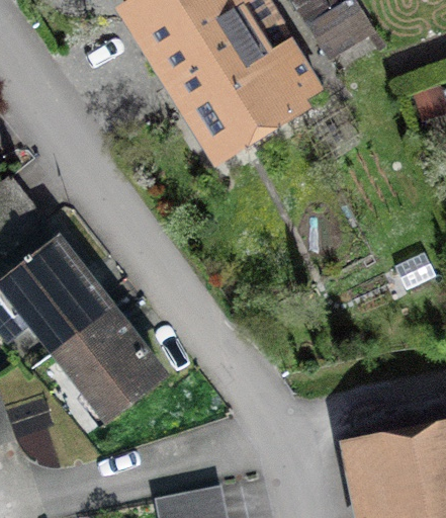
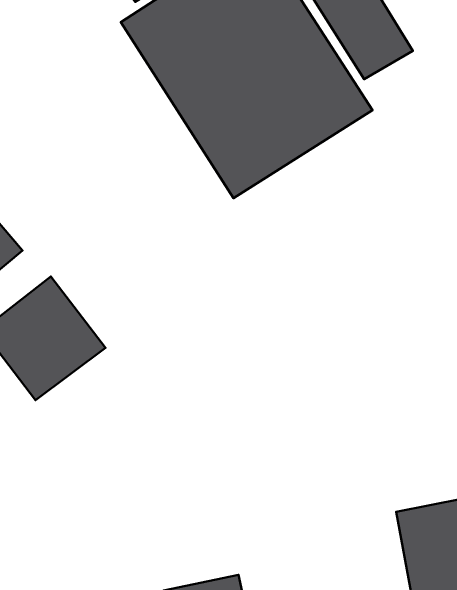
building: [46,297,167,422] -> none

